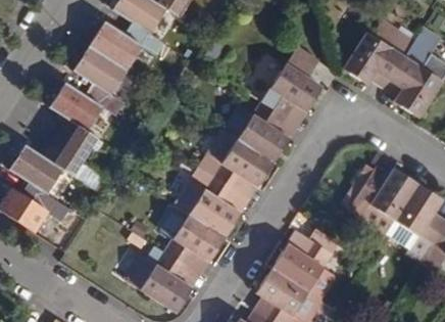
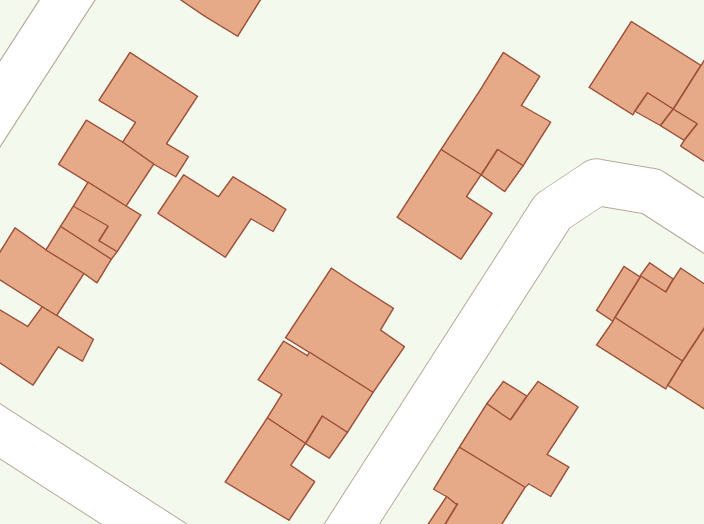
building: [89,26,160,72] -> [158,175,286,257]
building: [213,139,274,190] -> none

